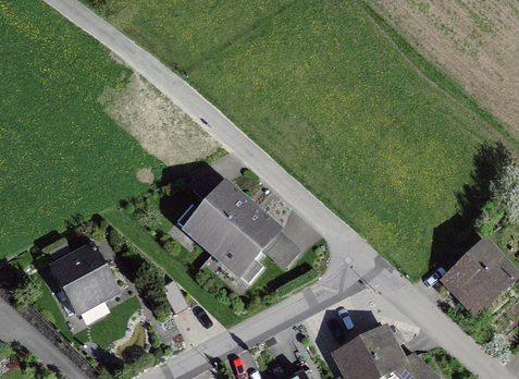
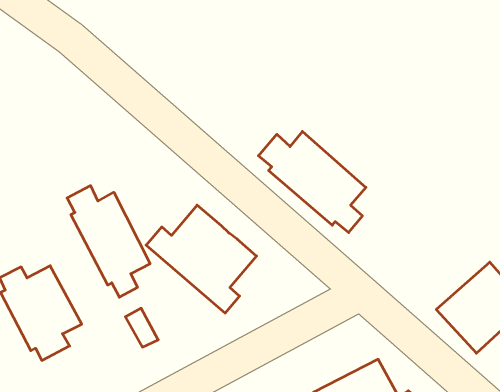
building: none -> [258,131,366,233]
building: none -> [67,186,150,297]

